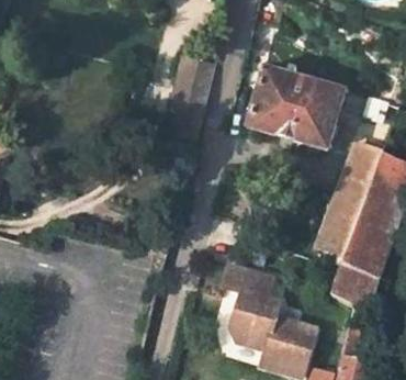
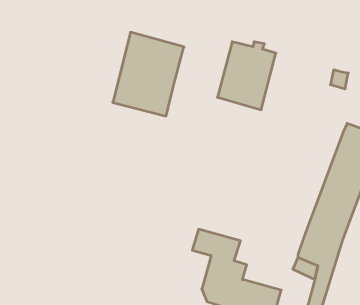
building: [293,78,342,146] -> none
building: [309,152,379,267] -> none

